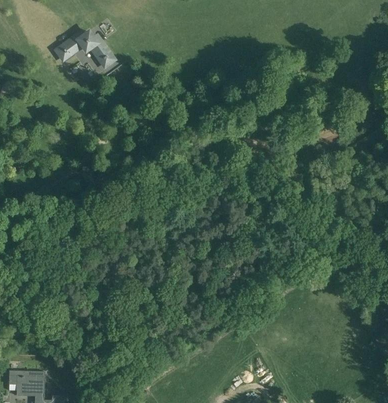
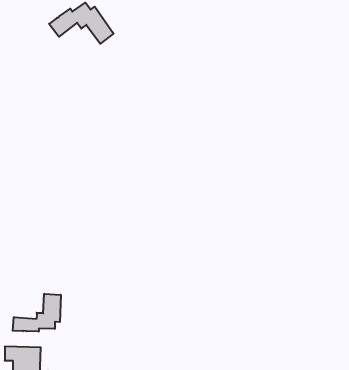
building: none -> [13,294,61,332]

